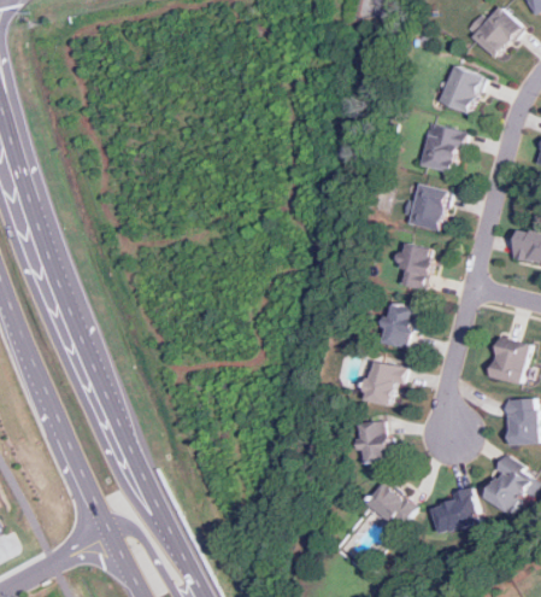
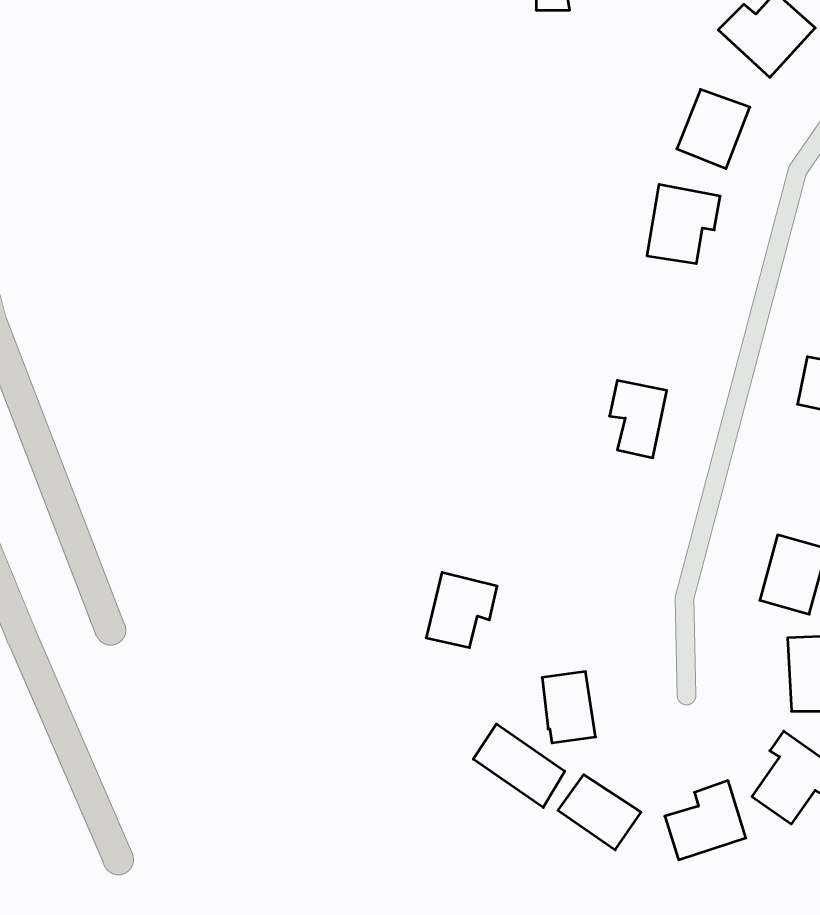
building: [401,183,447,230] -> none
building: [378,302,416,347] -> none
building: [361,359,405,405] -> [426,572,497,648]
building: none -> [473,724,565,808]

